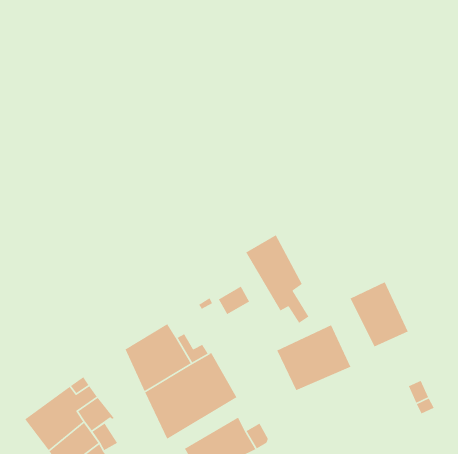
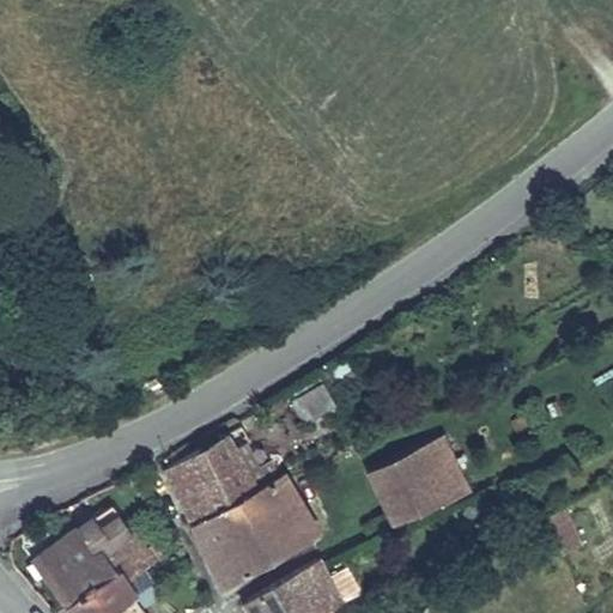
building: [245,234,309,324] -> none
building: [350,281,409,348] -> none

